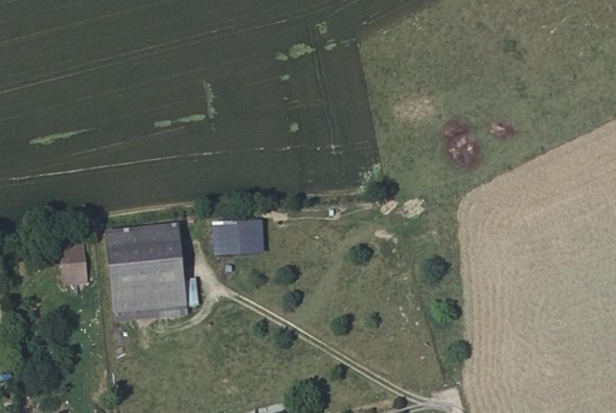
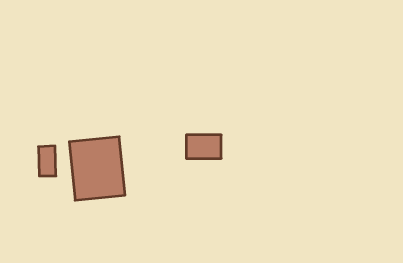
building: [213,220,263,254] -> [186,135,221,158]

